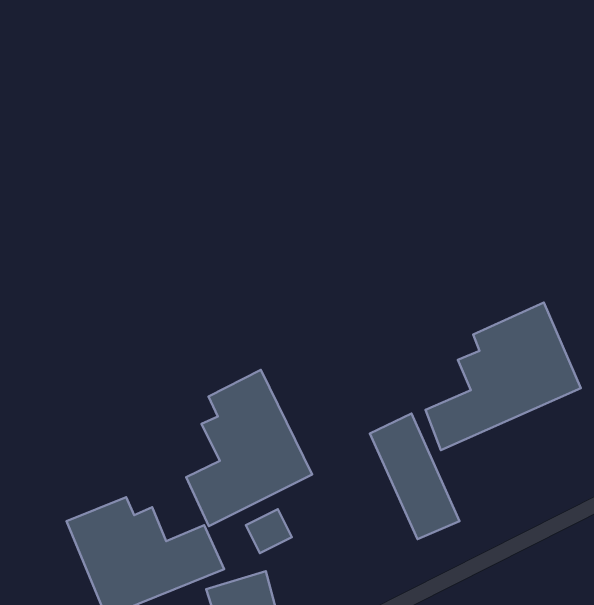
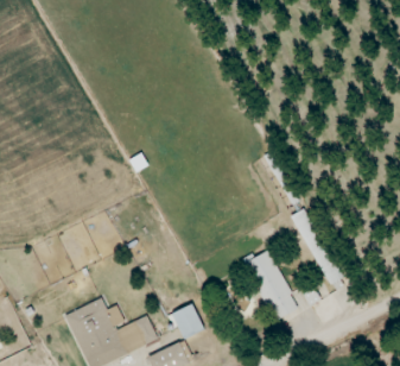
building: [426,303,581,450] -> none
building: [186,370,312,526] -> none

